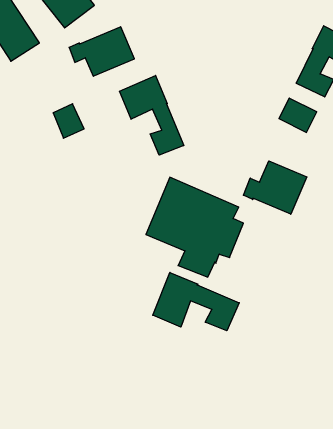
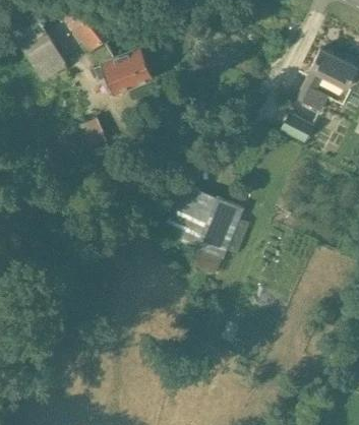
building: [119,75,184,155] -> none
building: [243,161,307,214] -> none
building: [153,272,239,331] -> none

